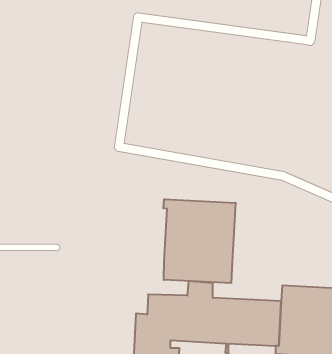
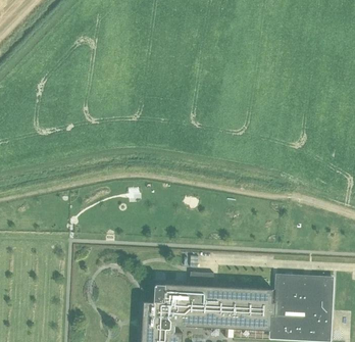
building: [163,199,236,283] -> none

